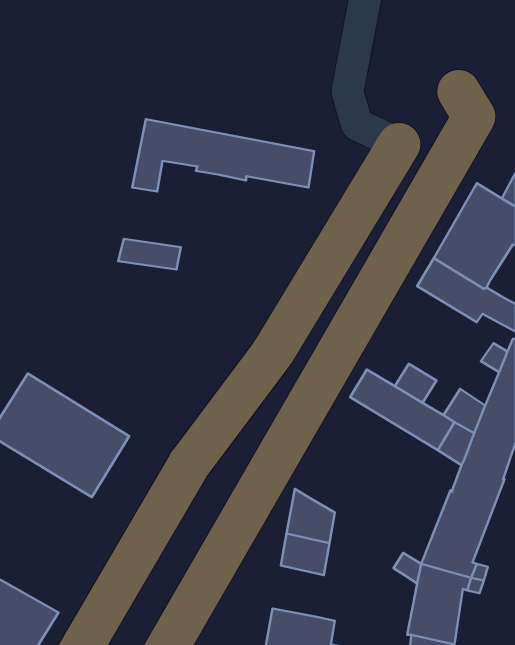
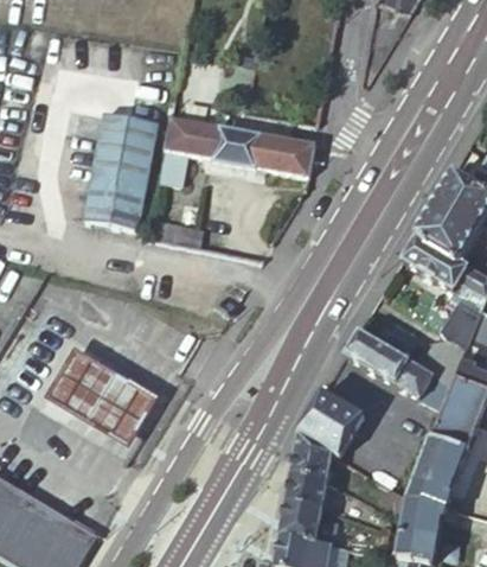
building: none -> [84,110,158,231]
building: none -> [297,390,363,455]
building: none -> [278,497,322,541]

